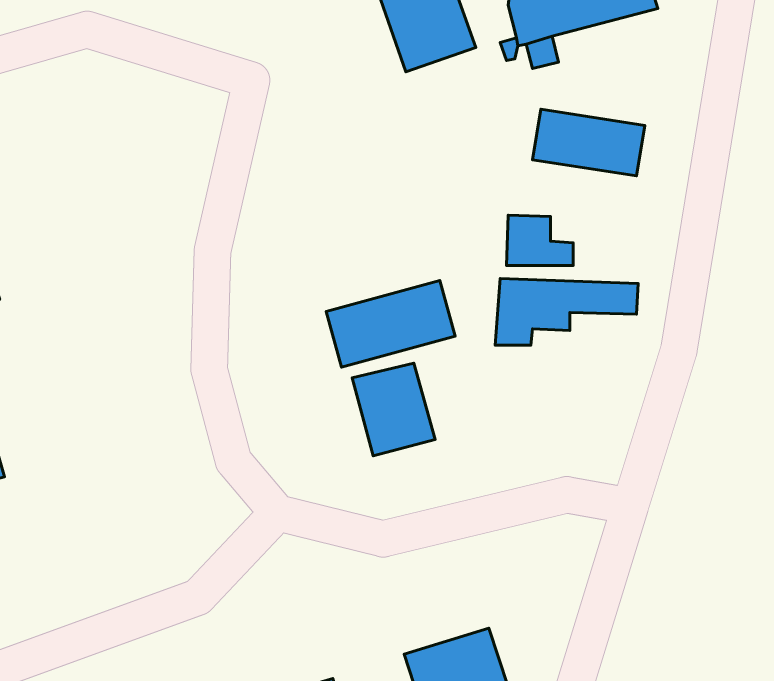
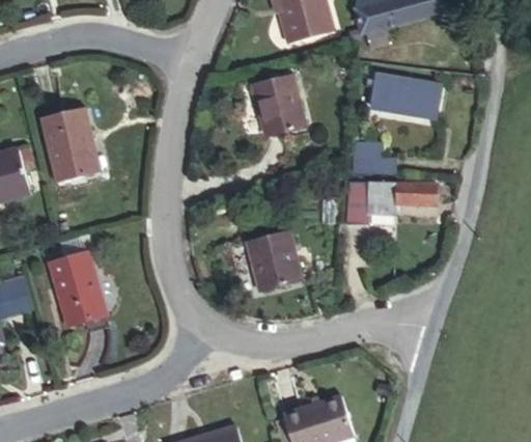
building: none -> [256,78,308,135]
building: none -> [39,104,97,176]
building: [326,281,455,367] -> none
building: none -> [51,247,105,324]

